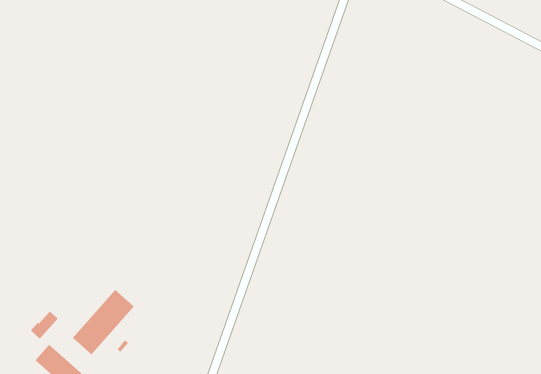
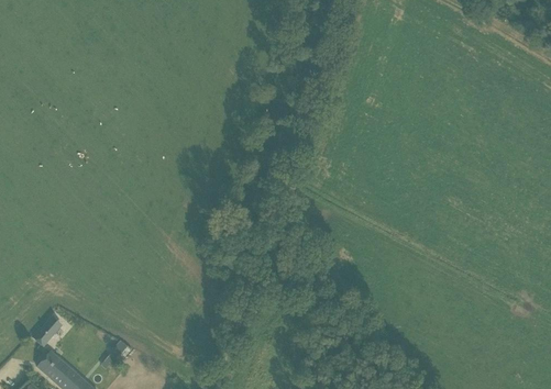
building: [72,289,134,355] -> none

